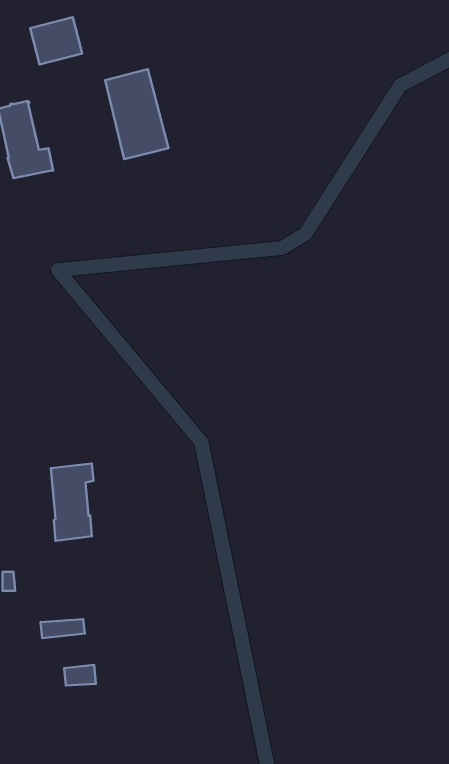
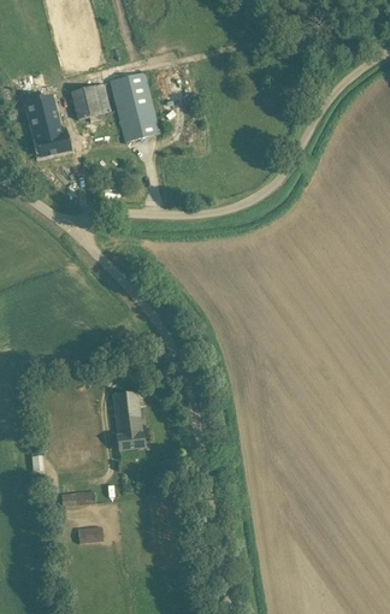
building: [30,17,82,65] -> [70,82,110,118]
building: [51,463,93,541] -> [112,390,144,449]

